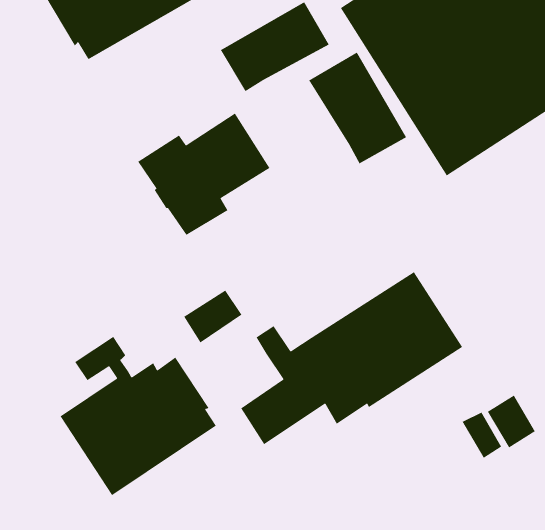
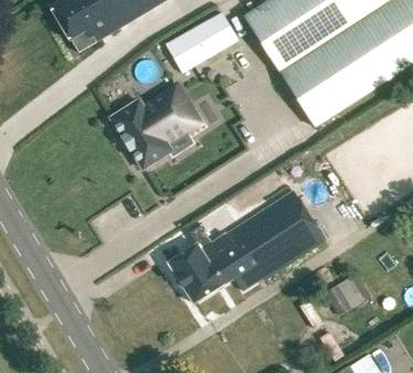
building: [308,52,407,165] -> none
building: [183,289,242,344] -> [168,244,206,280]
building: [59,336,217,496] -> none

